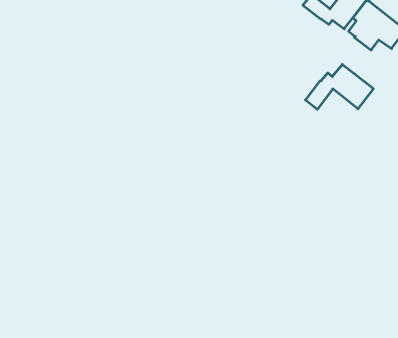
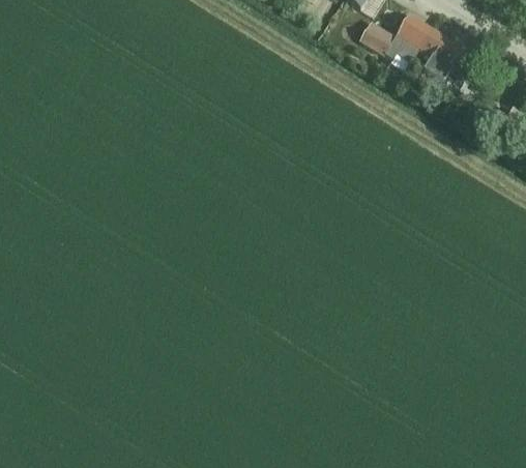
building: [305,64,373,109] -> none

